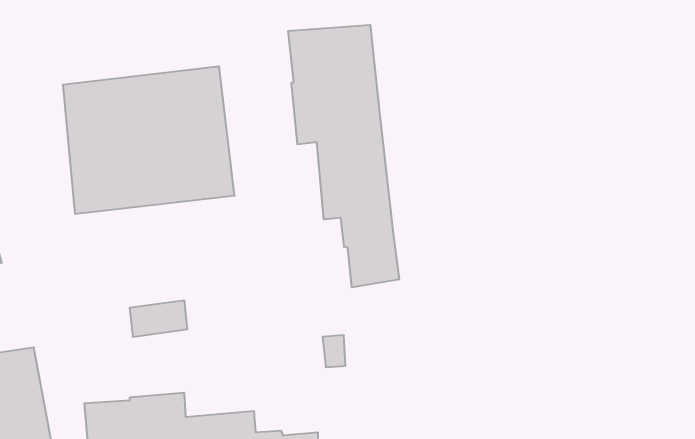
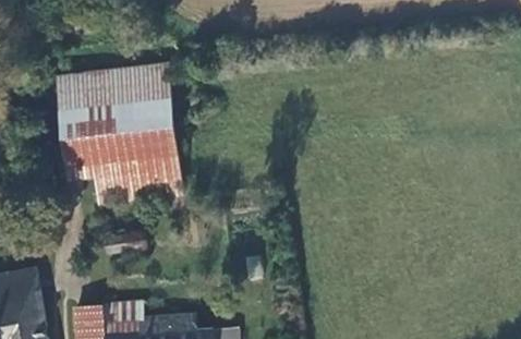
building: [288,25,399,287] -> none
building: none -> [63,156,182,207]

